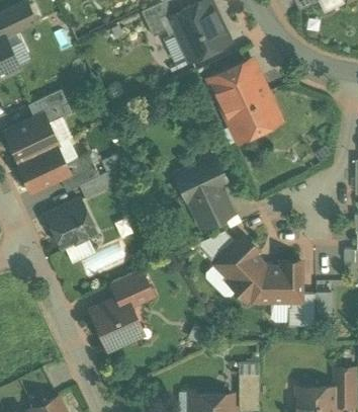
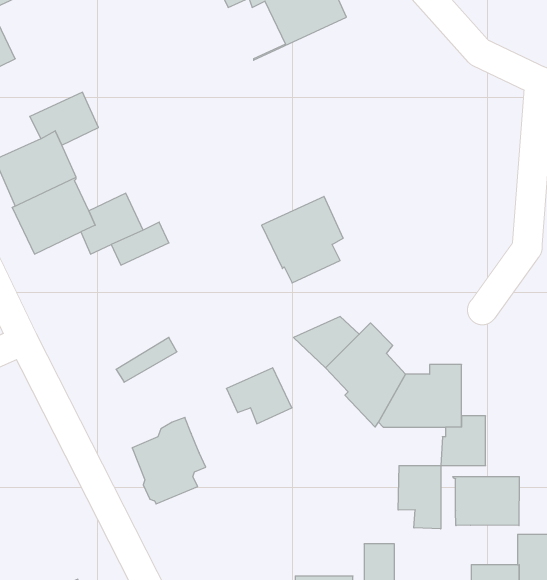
building: [208,61,275,137] -> none
building: [193,196,232,228] -> none
building: [46,199,95,249] -> none
building: [110,270,152,306] -> [226,368,292,424]
building: none -> [398,466,441,529]
building: none -> [453,477,519,526]

